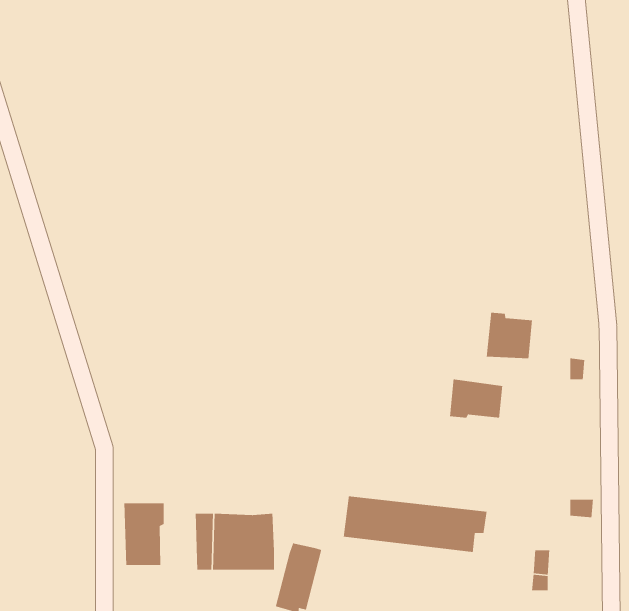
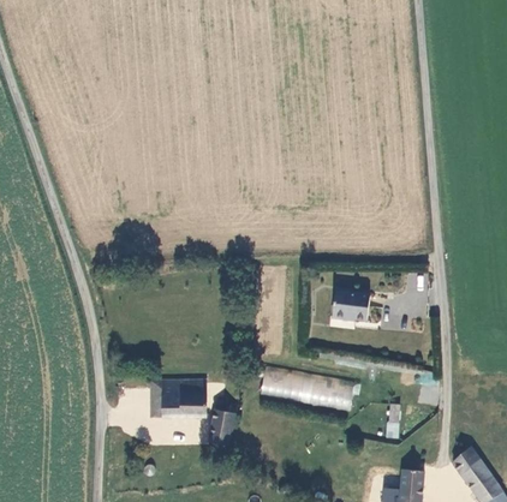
building: [486,312,533,359] -> none
building: [124,502,165,566] -> none

